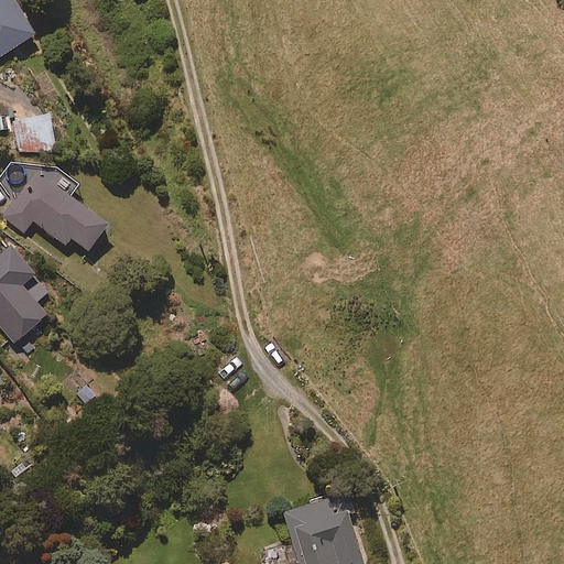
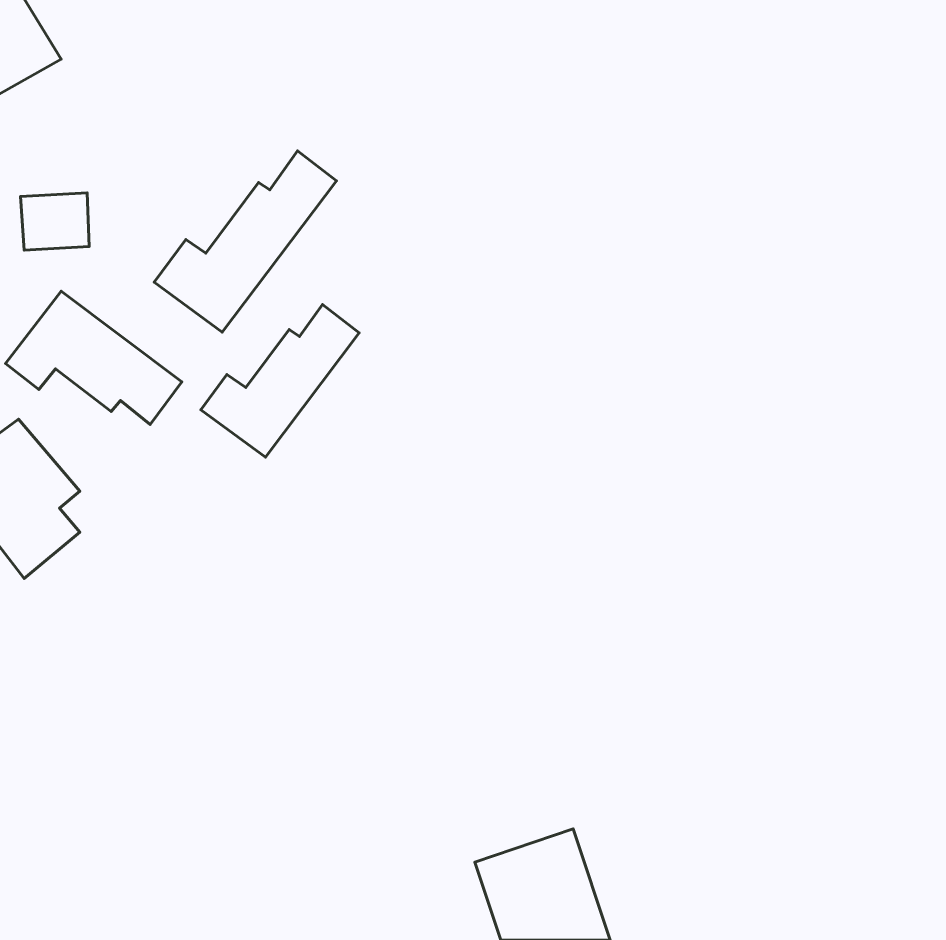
building: none -> [154,151,336,332]
building: none -> [201,304,359,457]

